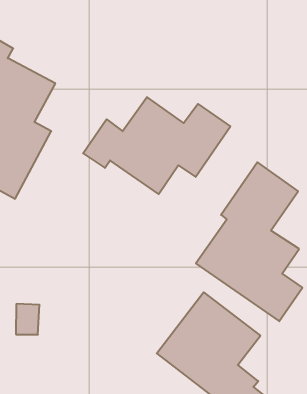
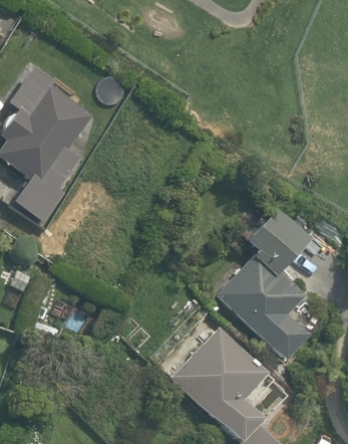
building: [83,97,230,194] -> none

